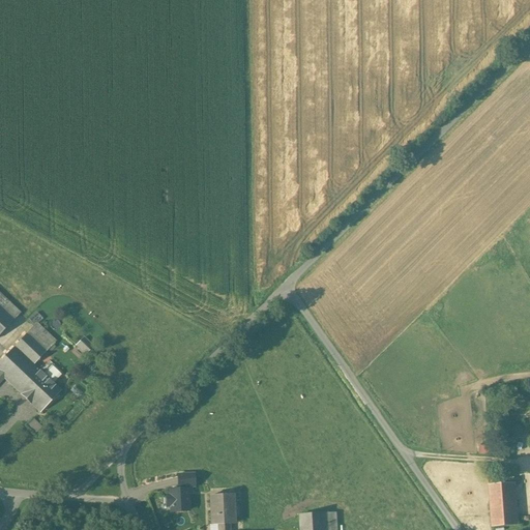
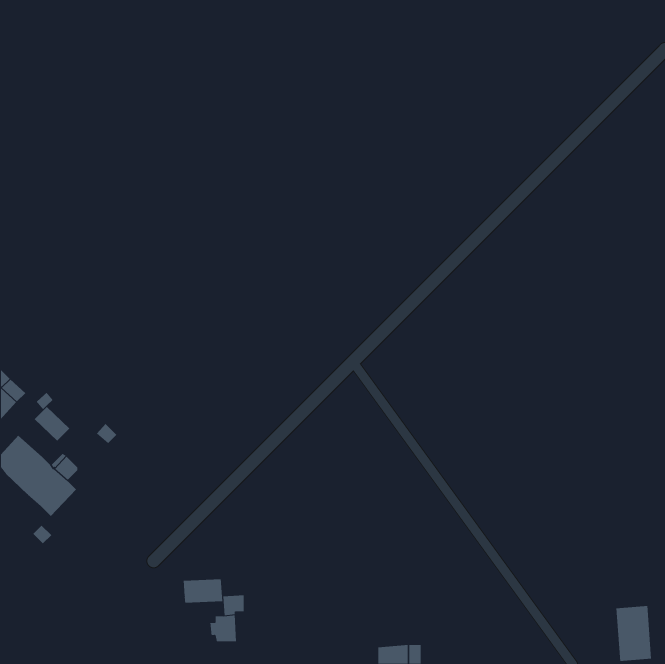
building: [14,333,46,363] -> none
building: none -> [183,578,223,604]
building: [211,494,234,524] -> none

